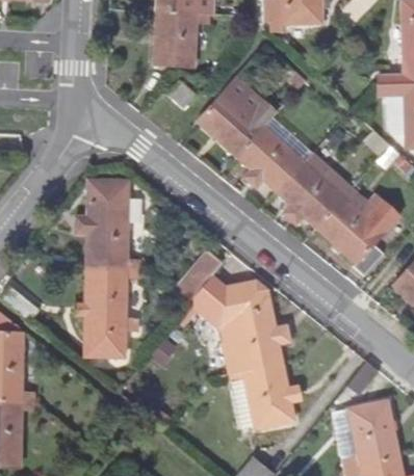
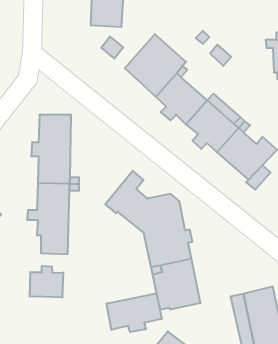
building: none -> [30,266,63,298]
building: none -> [106,293,162,332]

